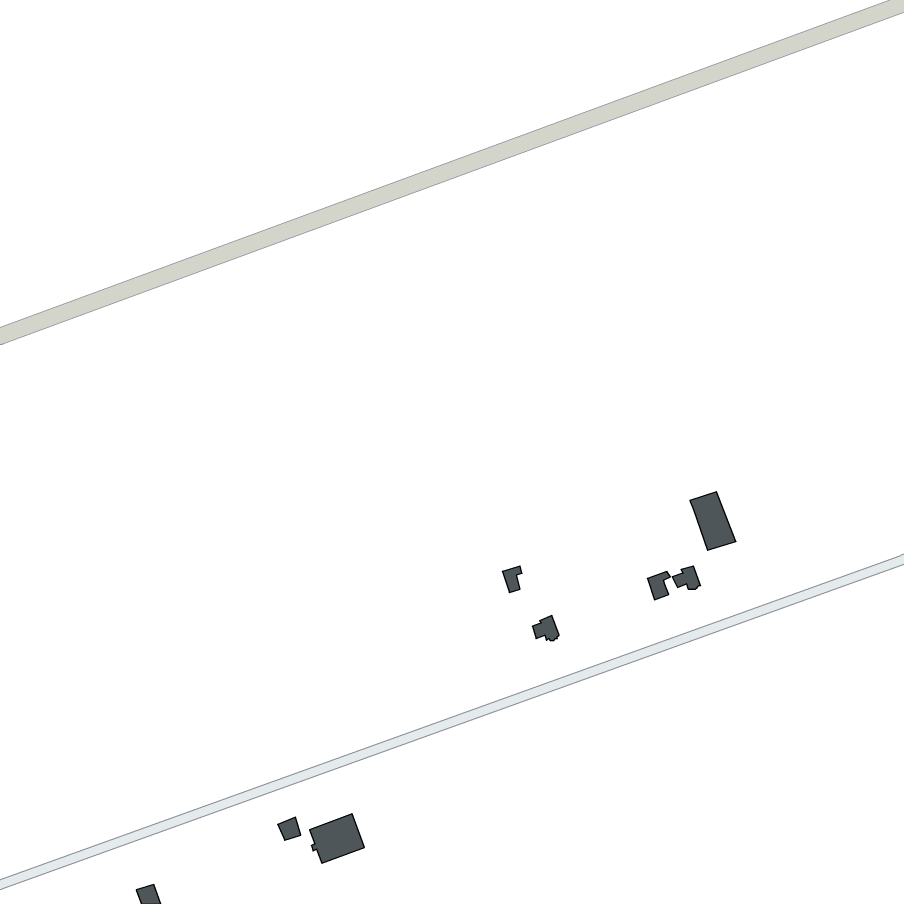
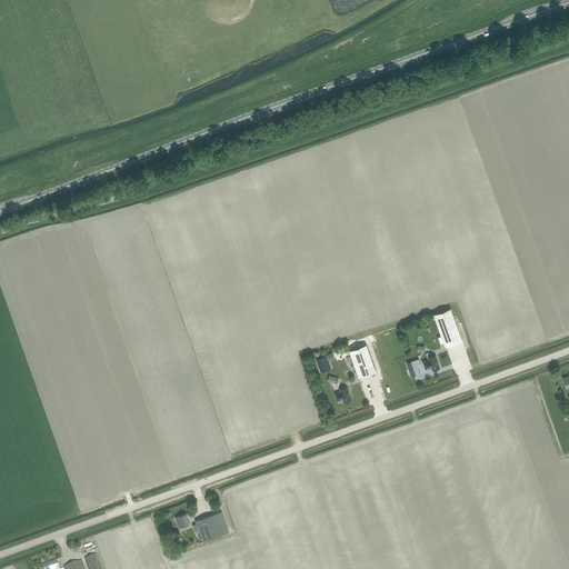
building: none -> [349,345,376,377]

